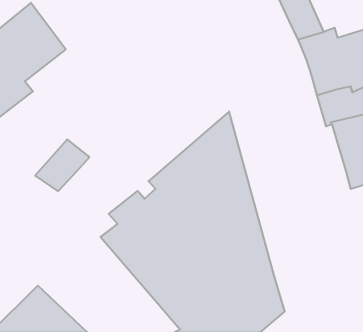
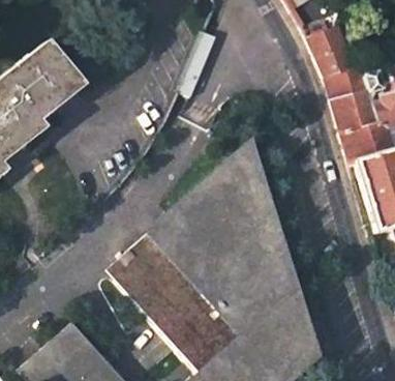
building: [35,139,89,191] -> none

